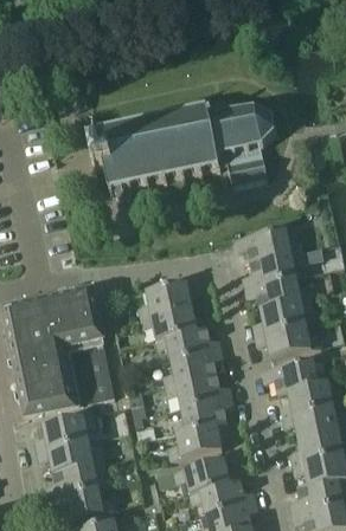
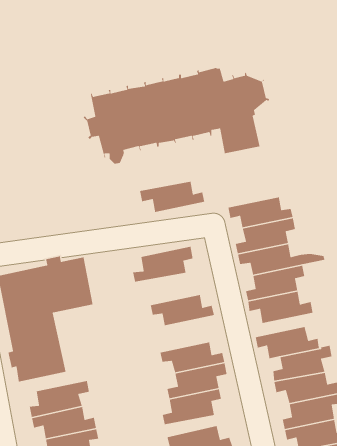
building: [141,306,207,338] -> [139,181,205,213]
building: [76,348,113,403] -> none
building: [164,349,224,386] -> none

